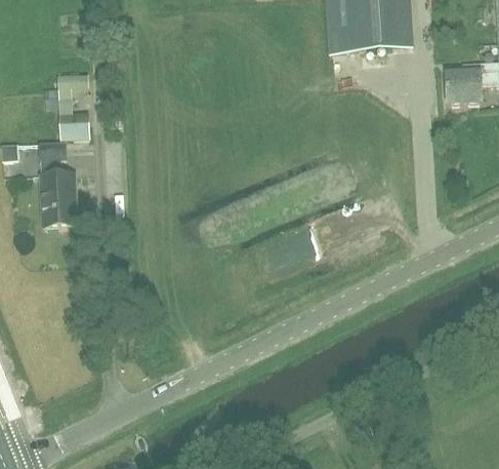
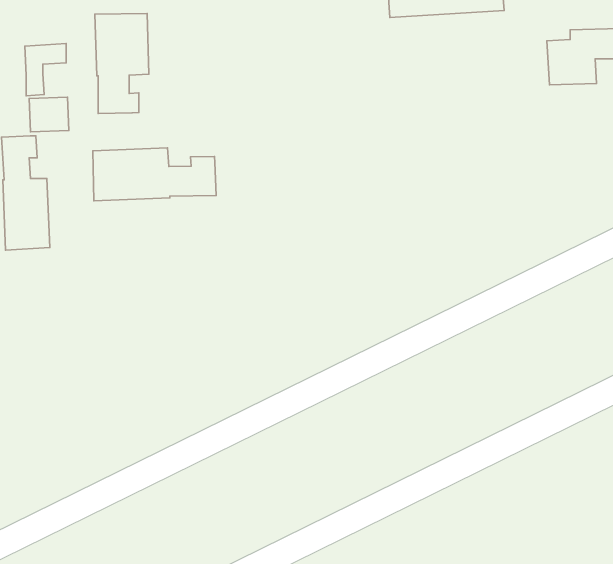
building: none -> [95,14,149,113]
building: none -> [93,148,216,201]

